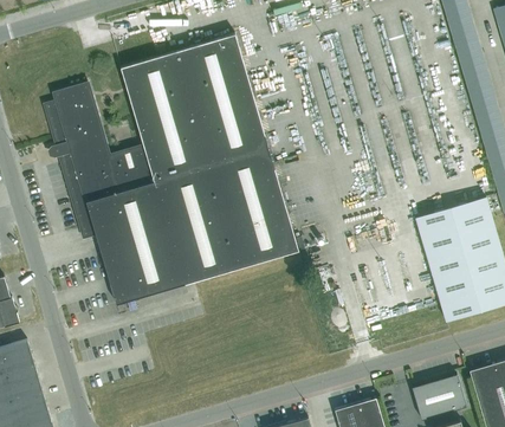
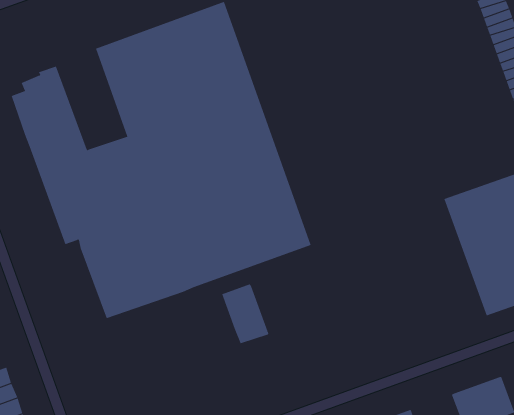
building: none -> [222,283,269,345]

